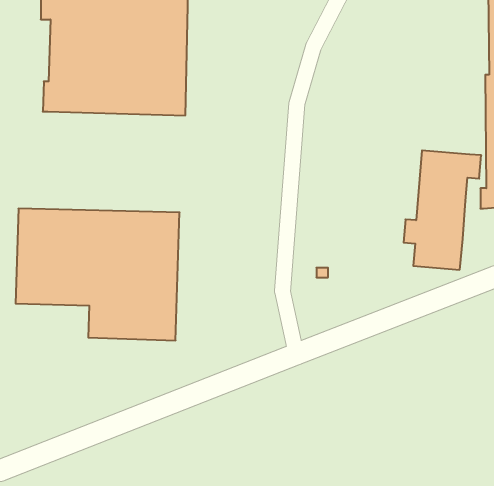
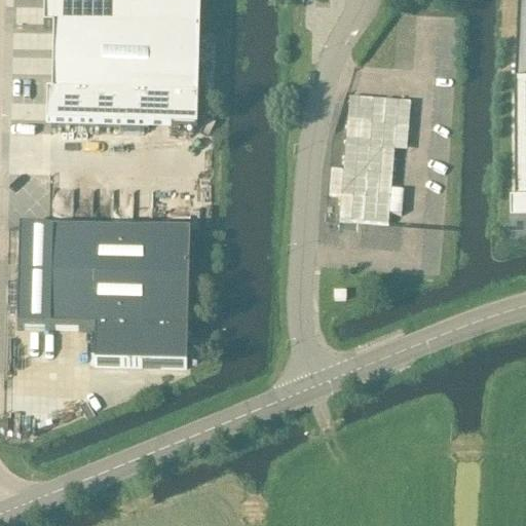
building: [404,150,481,270] -> [331,89,413,216]

